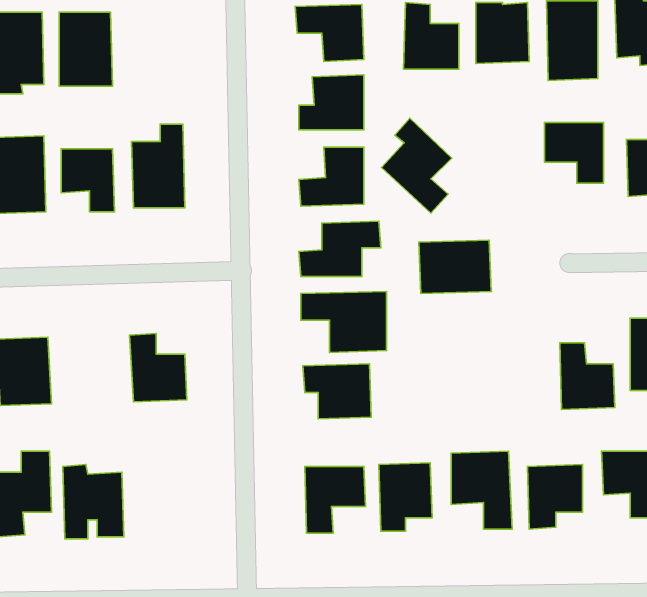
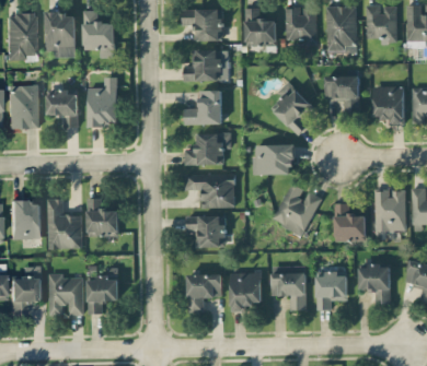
building: none -> [83,11,115,58]
building: [381,118,452,213] -> [270,81,311,135]
building: none -> [272,182,321,236]
building: none -> [47,199,82,249]
building: none -> [86,279,118,315]

